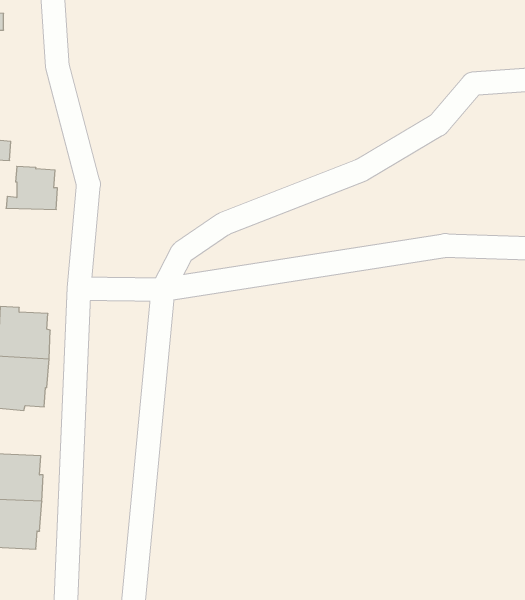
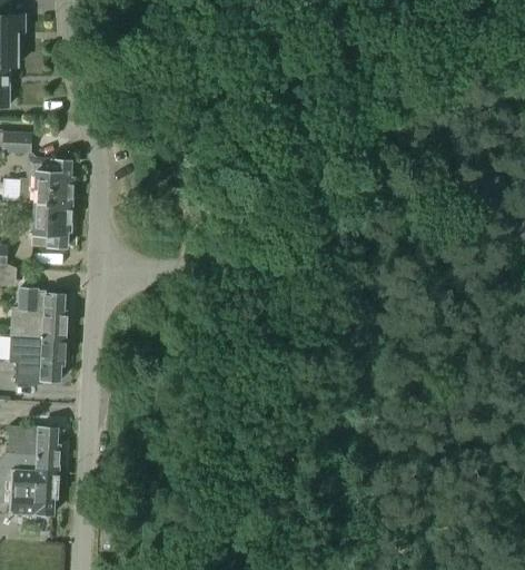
building: none -> [24,197,72,247]

